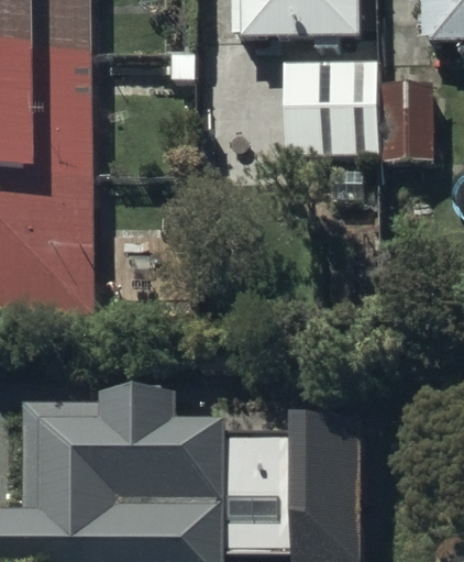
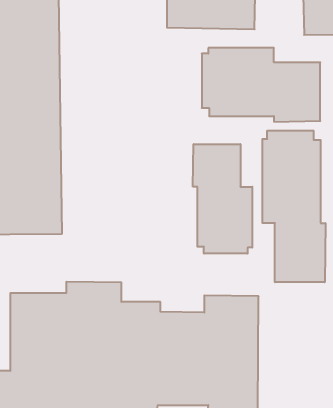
building: none -> [262,131,325,282]
building: none -> [193,144,252,254]

